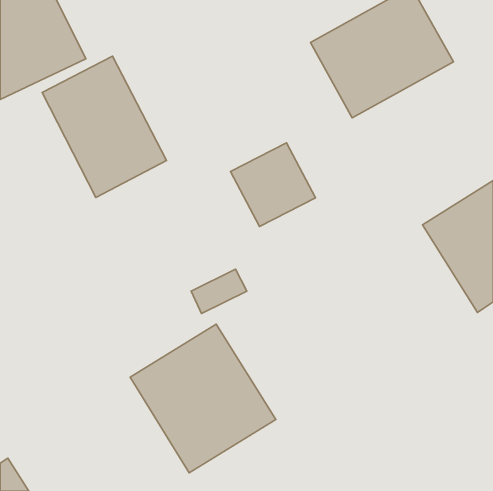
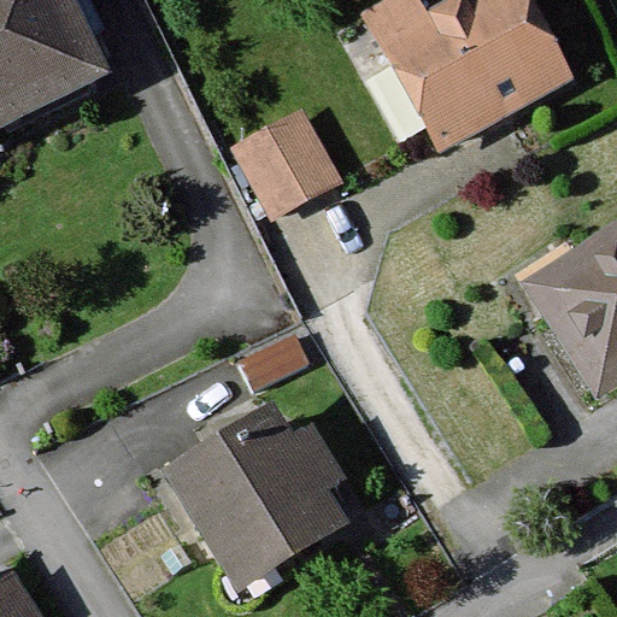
building: [42,56,166,198] -> none
building: [230,143,315,227] -> [235,108,341,213]

